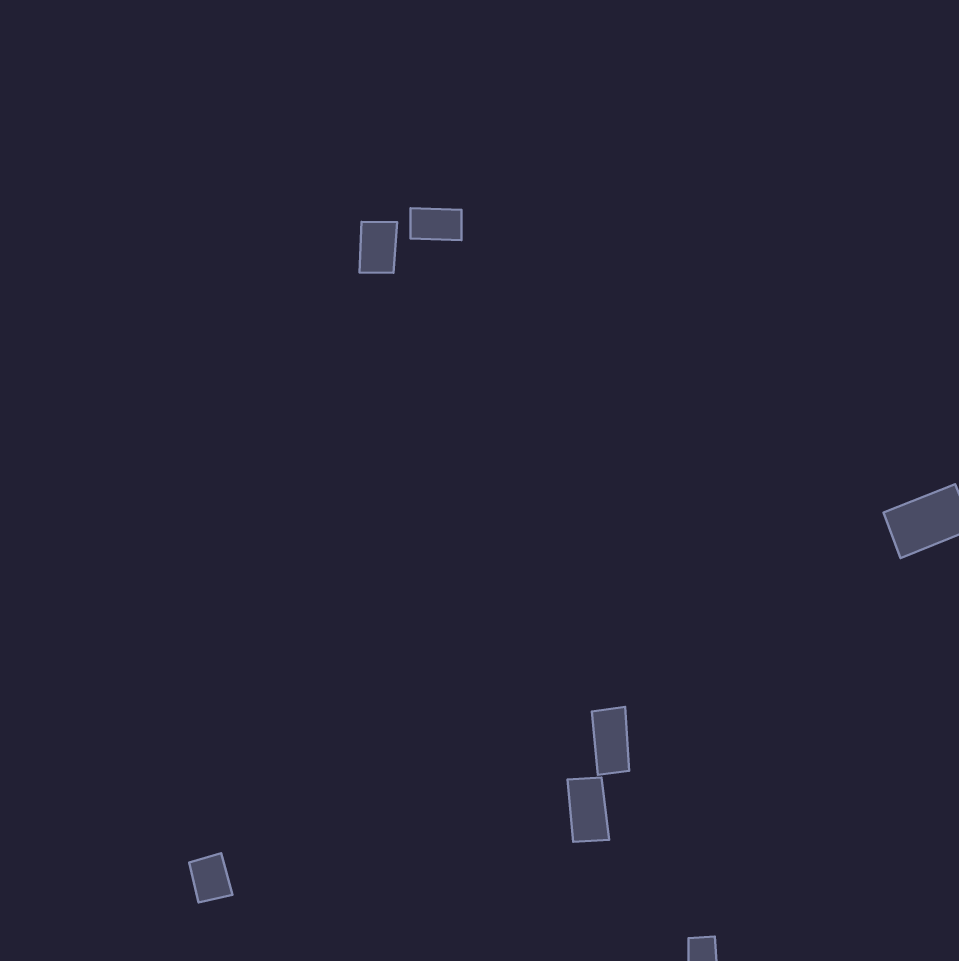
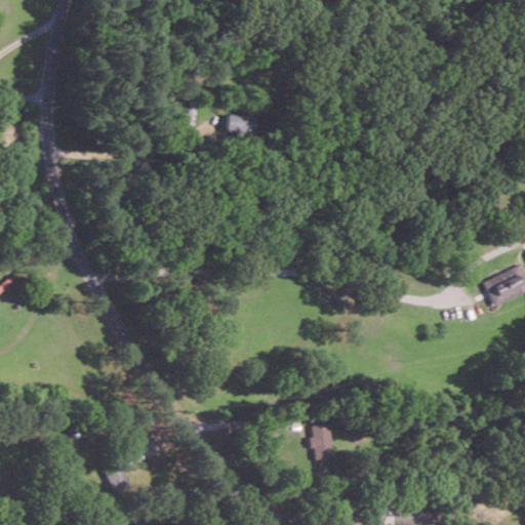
building: [360,222,397,273] -> none
building: [592,707,629,775] -> none

